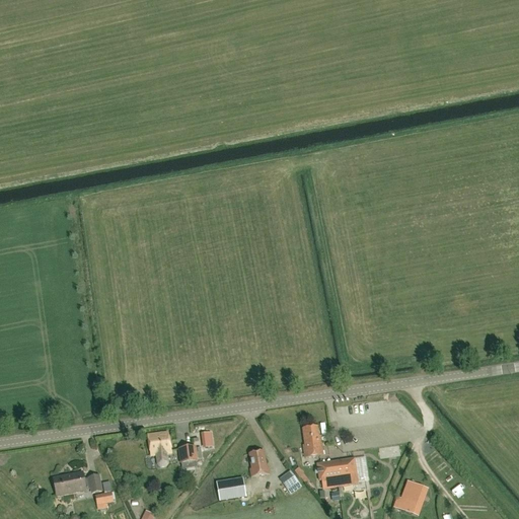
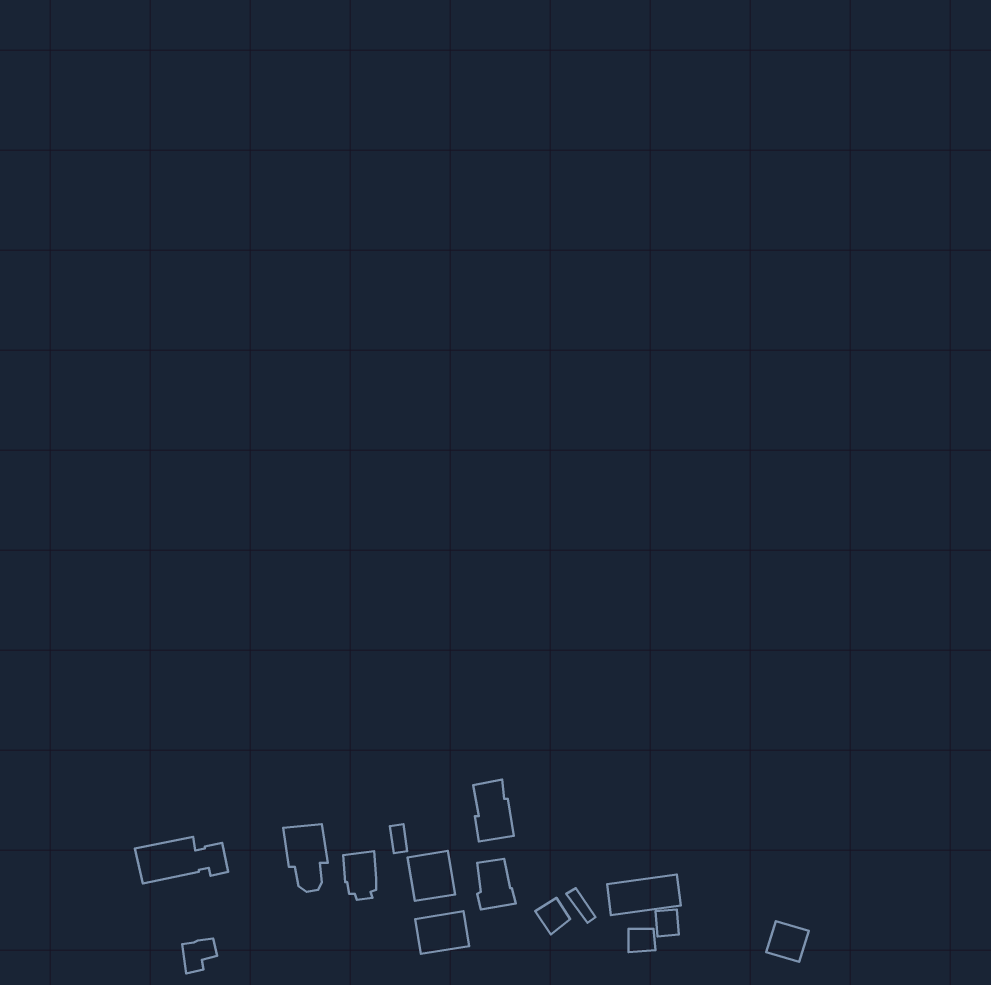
building: [302,424,323,456] -> [473,779,514,842]
building: none -> [407,851,455,901]
building: [53,470,101,495] -> [135,837,228,883]

